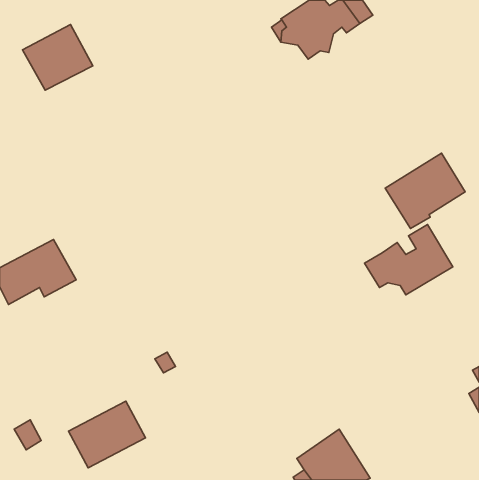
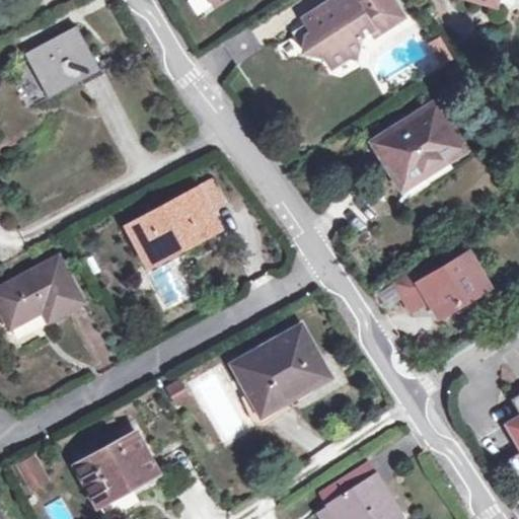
building: [385,153,465,228] -> [375,105,461,187]
building: none -> [126,189,220,269]
building: none -> [234,327,328,416]

